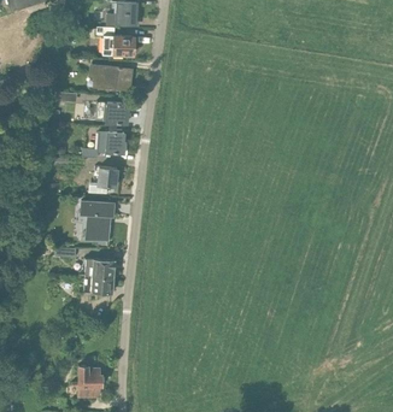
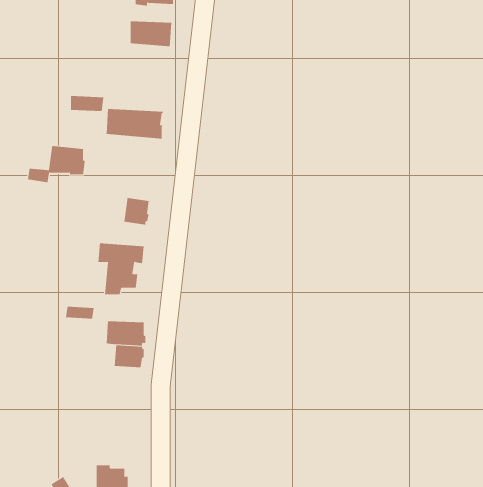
building: [89,64,133,88] -> none
building: [82,130,125,158] -> [27,146,85,183]

